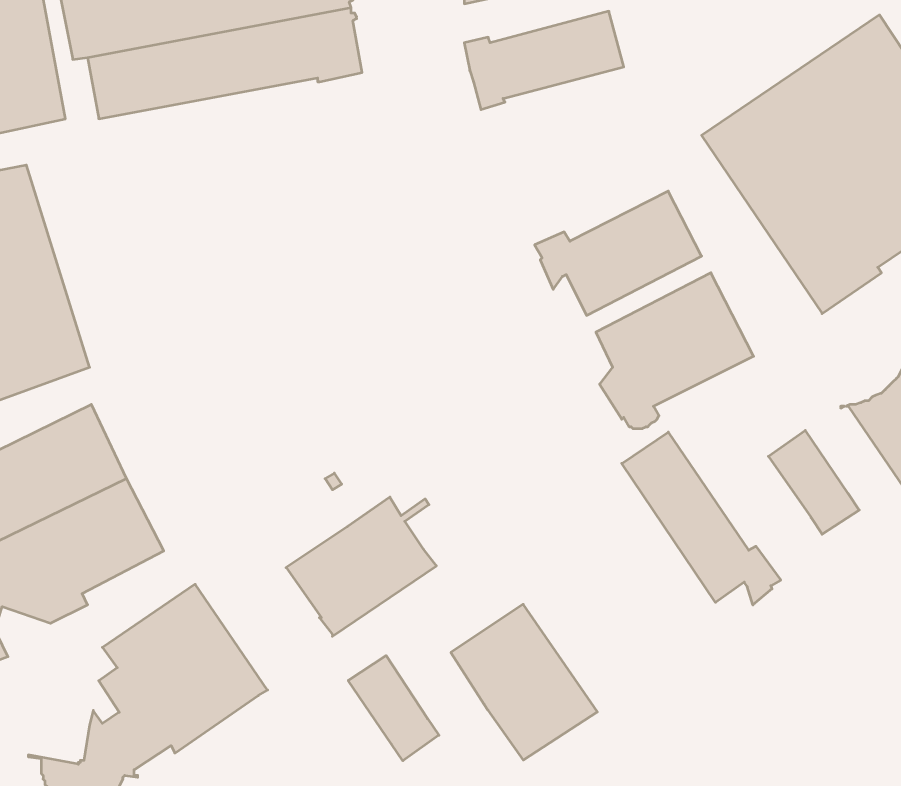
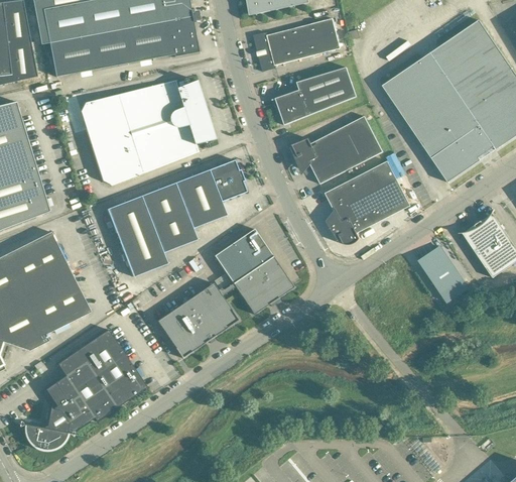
building: none -> [270,62,356,124]
building: none -> [80,79,215,184]
building: none -> [106,158,246,275]
building: [622,432,781,605] -> none
building: [451,604,597,760] -> [214,228,293,313]
building: [348,656,439,761] -> none

